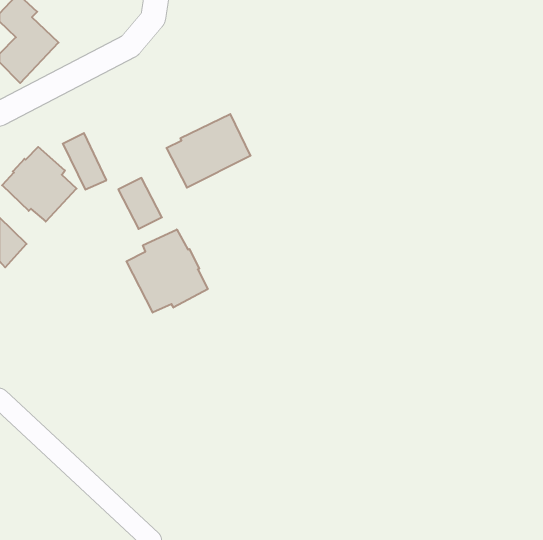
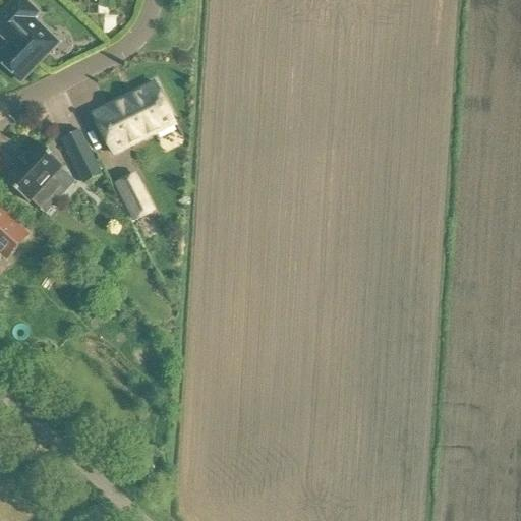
building: [166,114,251,188] -> [93,81,173,152]
building: [126,229,208,313] -> none

